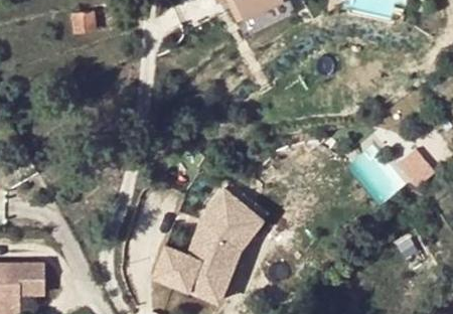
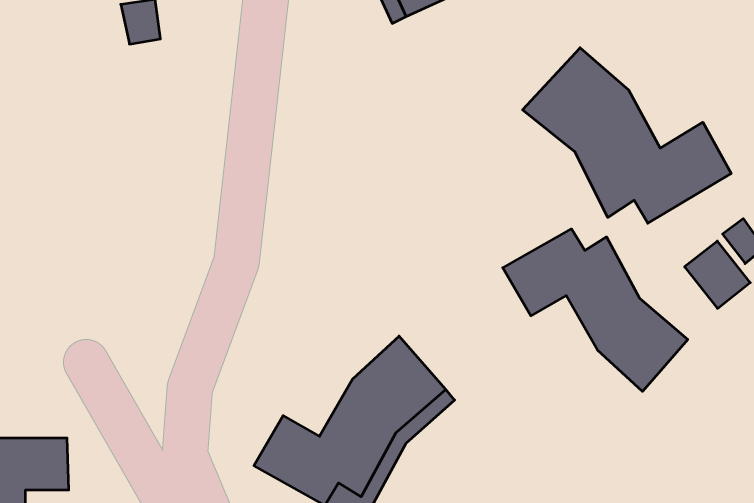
building: none -> [523,48,731,223]
building: none -> [503,229,688,391]

